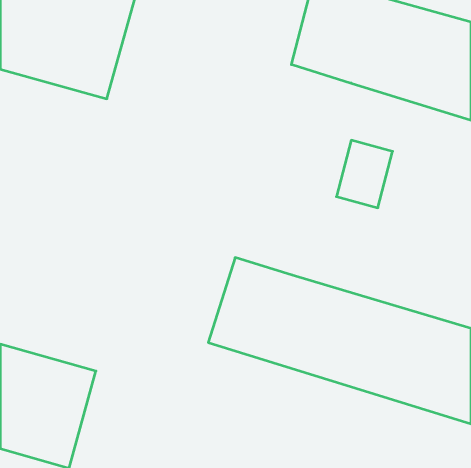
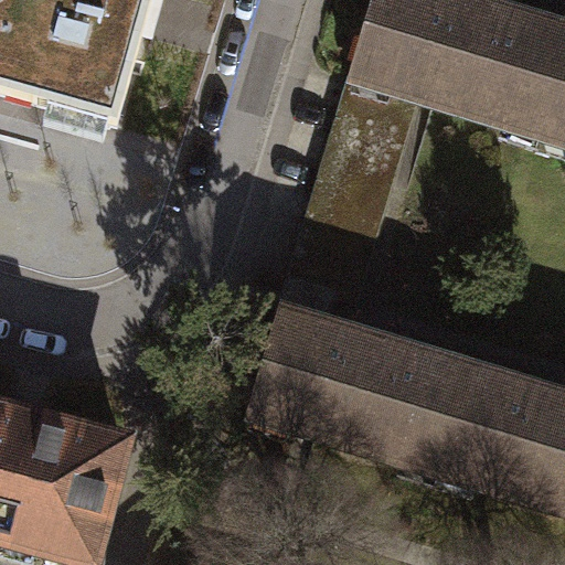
building: none -> [281,77,420,329]

